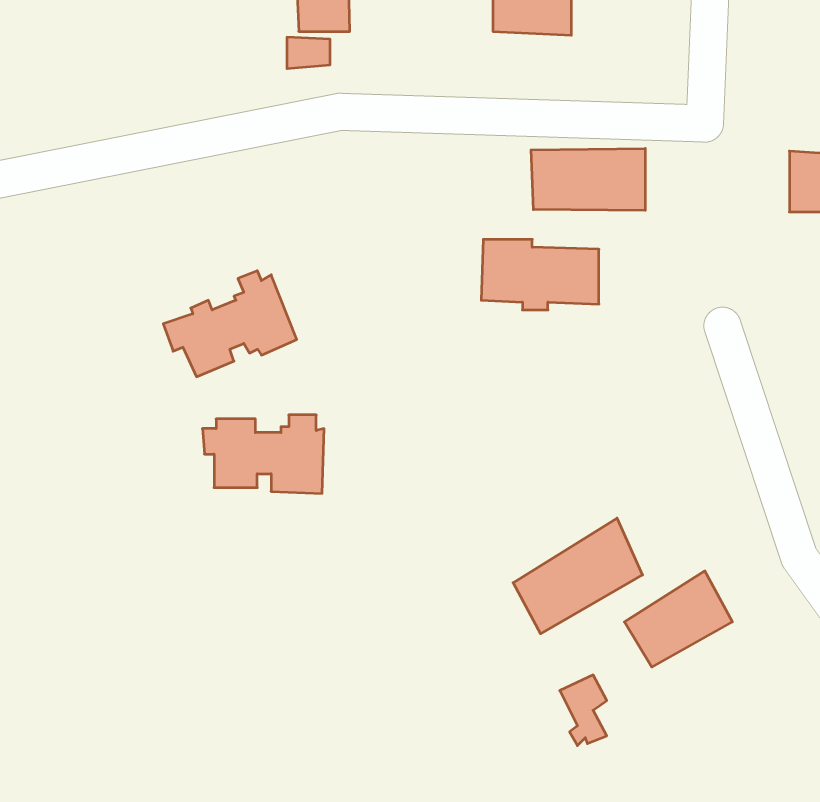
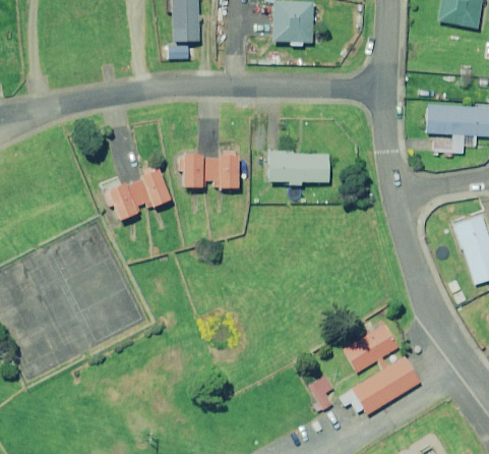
building: [531,148,645,210] -> none
building: [202,415,324,493] -> [177,150,240,190]
building: [513,518,643,634] -> [353,354,420,414]

